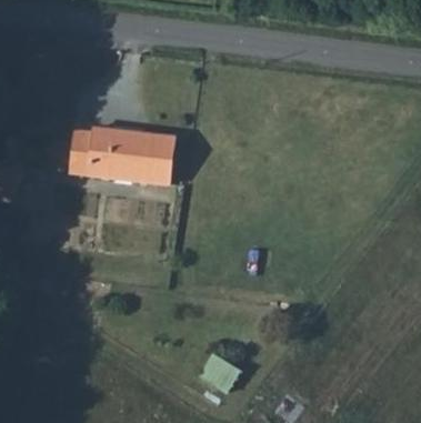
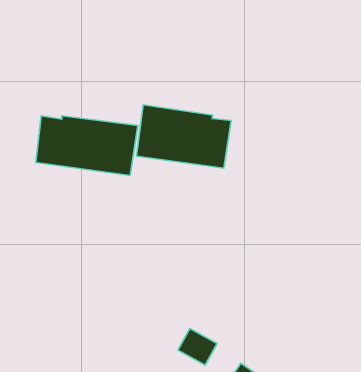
building: none -> [137,105,231,168]

